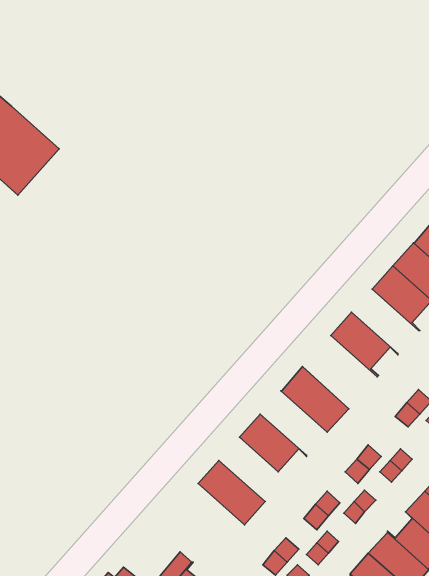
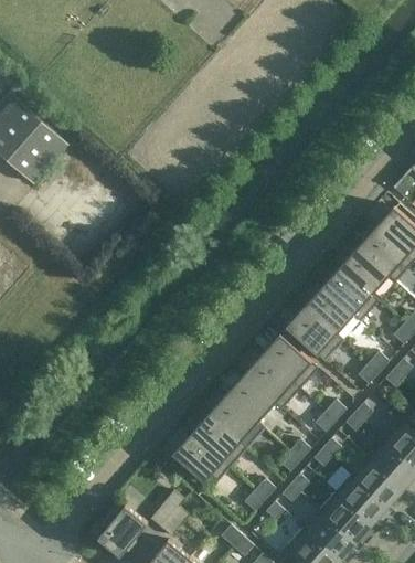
building: none -> [321,265,379,320]
building: none -> [286,305,343,361]
building: none -> [243,352,300,407]
building: none -> [208,392,258,447]
building: none -> [172,432,230,488]

